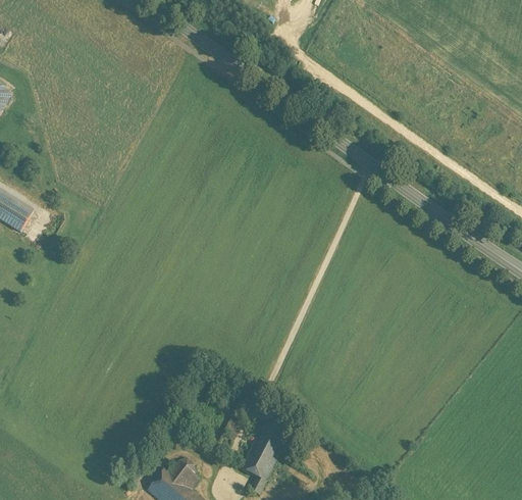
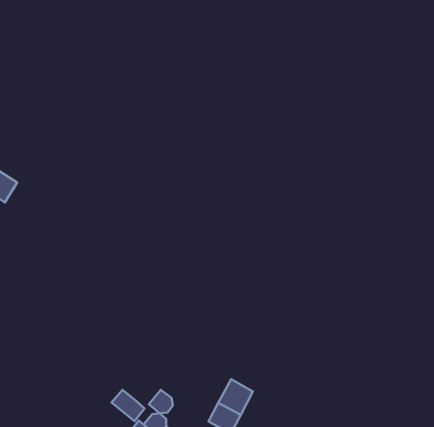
building: none -> [112,390,145,421]
building: none -> [149,390,173,413]

